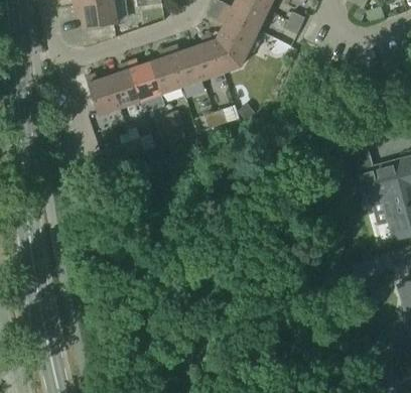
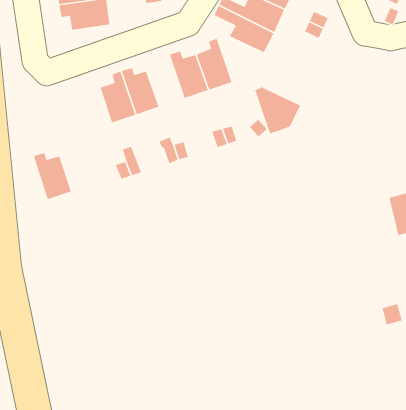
building: [210,31,250,73] -> [254,86,301,134]
building: [149,48,181,94] -> none
building: [86,74,119,115] -> [33,152,72,200]

